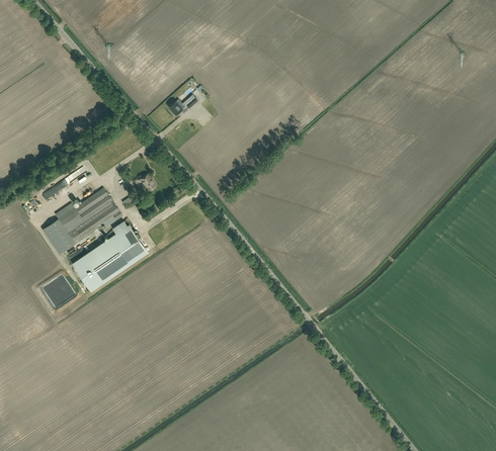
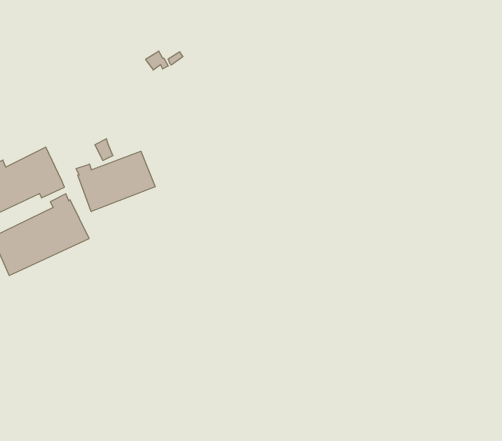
building: none -> [76,151,155,212]

